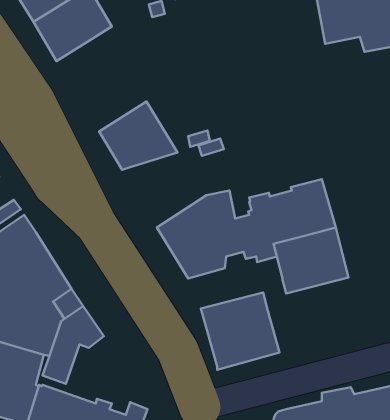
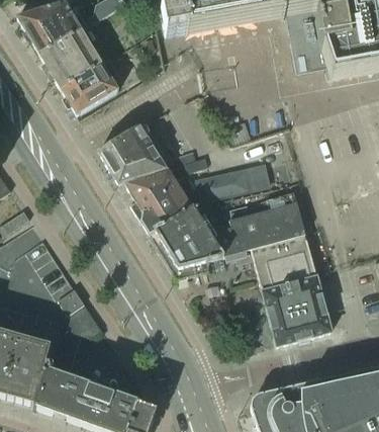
building: none -> [62,59,121,115]
building: none -> [125,167,261,235]
building: [201,292,279,370] -> [263,278,331,346]

